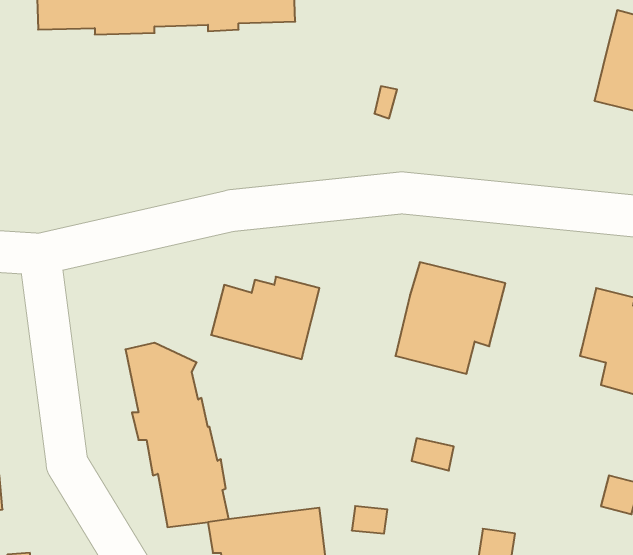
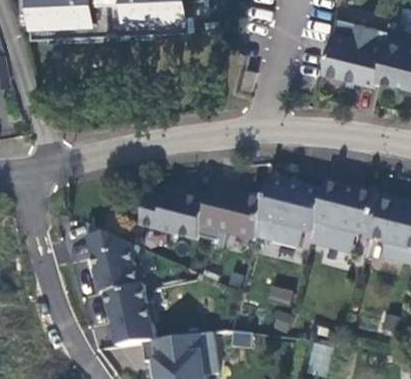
building: none -> [326,25,389,87]
building: none -> [314,182,382,252]
building: none -> [200,183,266,242]

